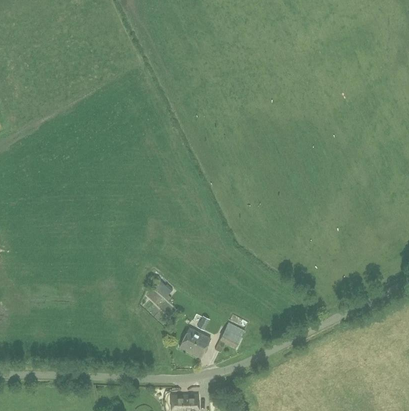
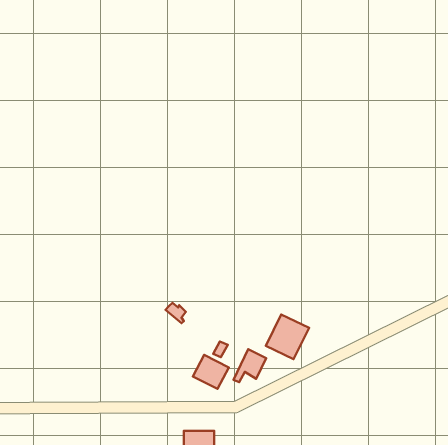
building: none -> [266,315,309,359]

